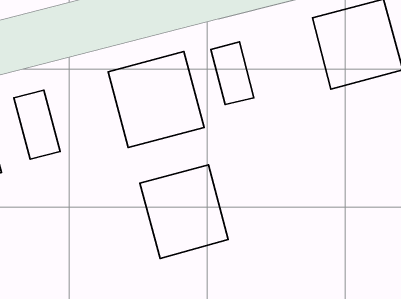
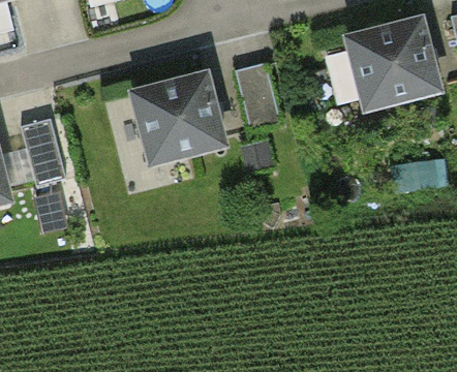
building: [140,165,228,259] -> none

